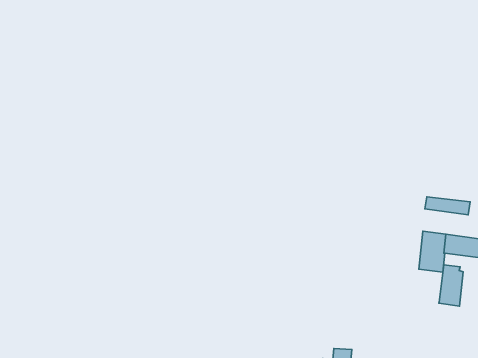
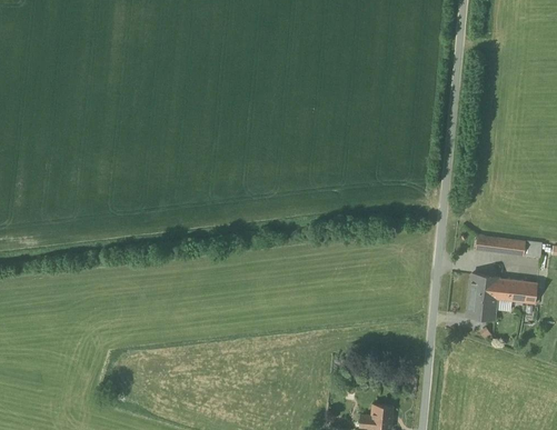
building: [439,265,463,306] -> none

